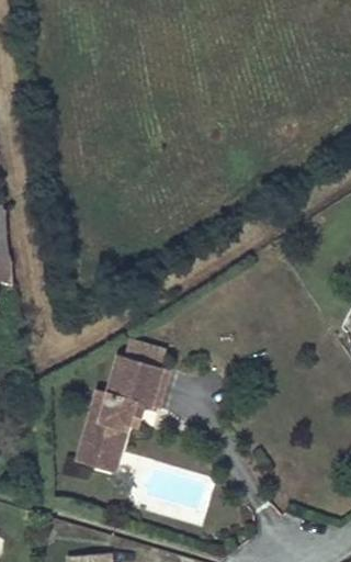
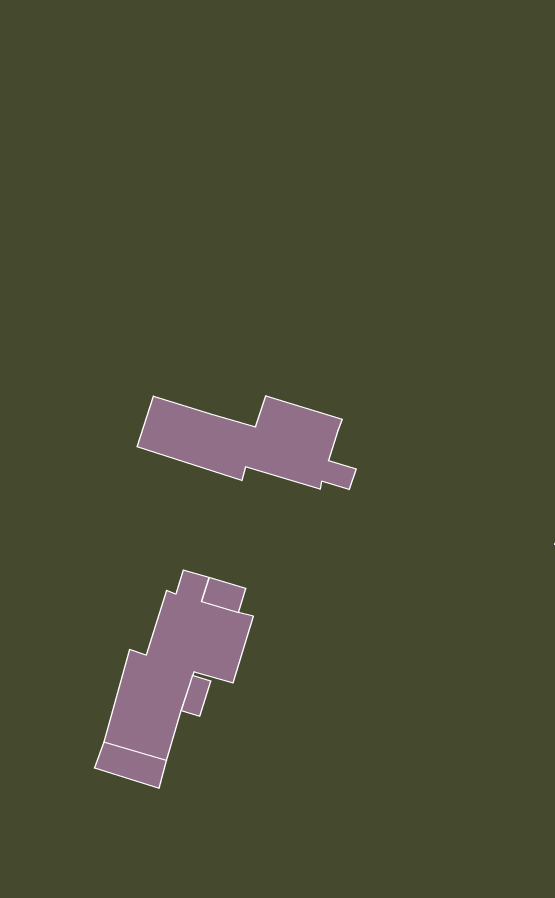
building: none -> [137,396,356,490]

